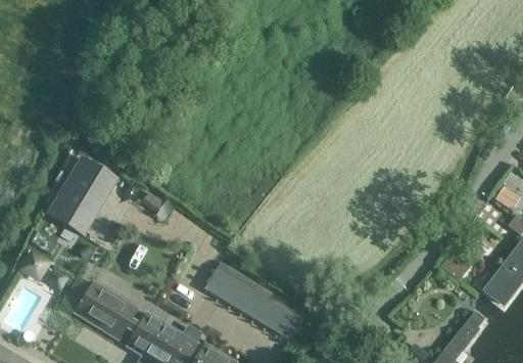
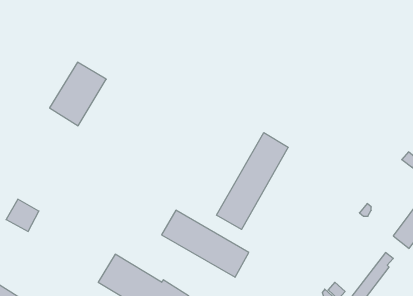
building: [48,157,116,234] -> [50,62,106,126]
building: none -> [217,133,288,229]
building: [75,281,137,339] -> none

